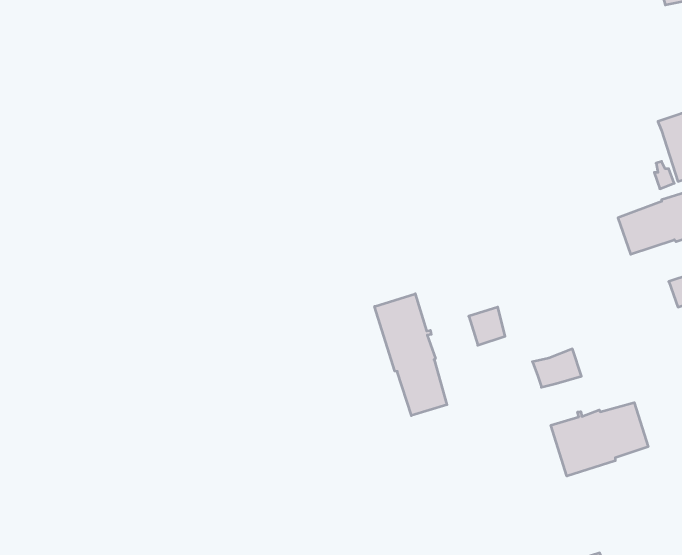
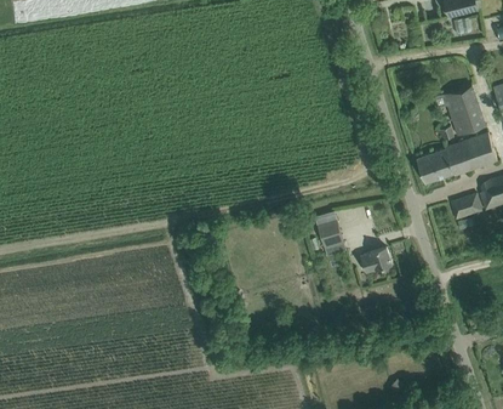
building: [375,294,447,416] -> none
building: [551,403,648,476] -> none

